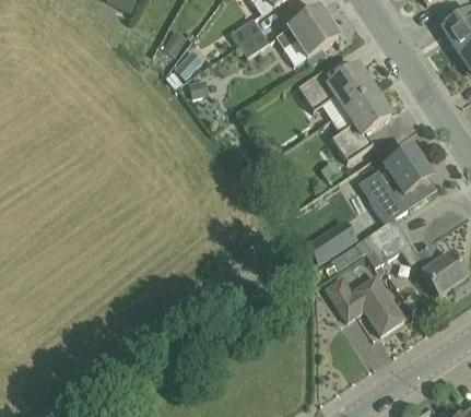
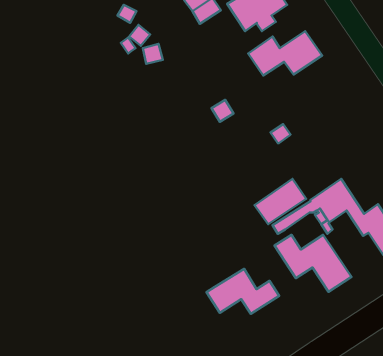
building: [331,87,390,158] -> none
building: [368,145,431,221] -> none
building: none -> [206,269,279,314]

